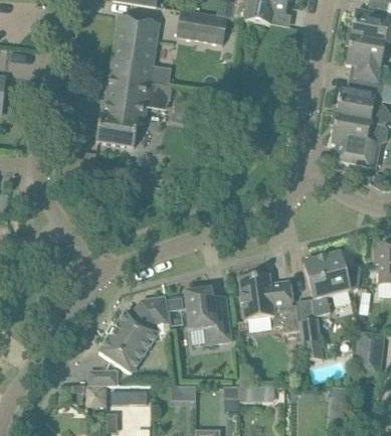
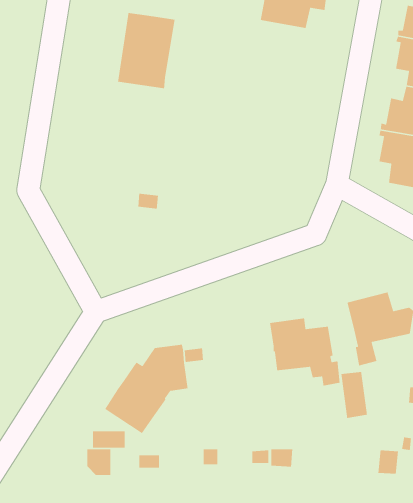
building: [178,9,227,43] -> none
building: [96,75,172,146] -> none
building: [185,289,231,342] -> none

